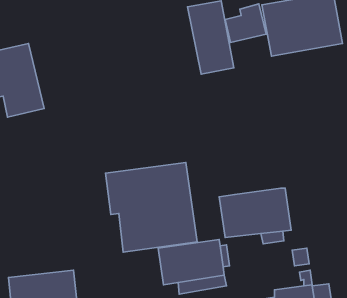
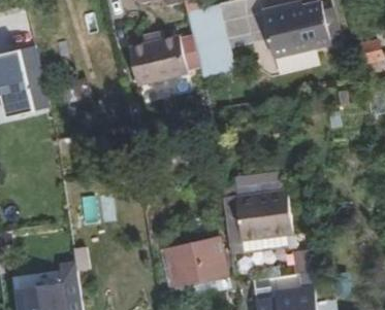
building: none -> [133,35,199,84]
building: [105,163,197,252] -> none

